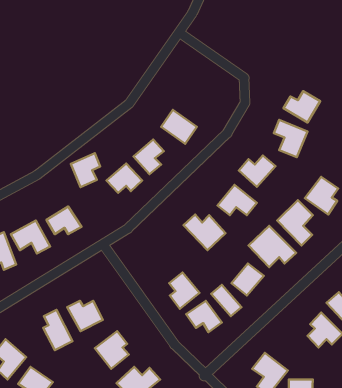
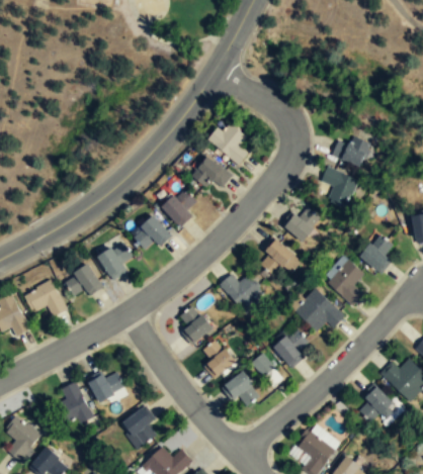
building: none -> [207,122,250,166]
building: [71,153,100,187] -> [99,242,133,280]
building: none -> [179,304,214,346]

